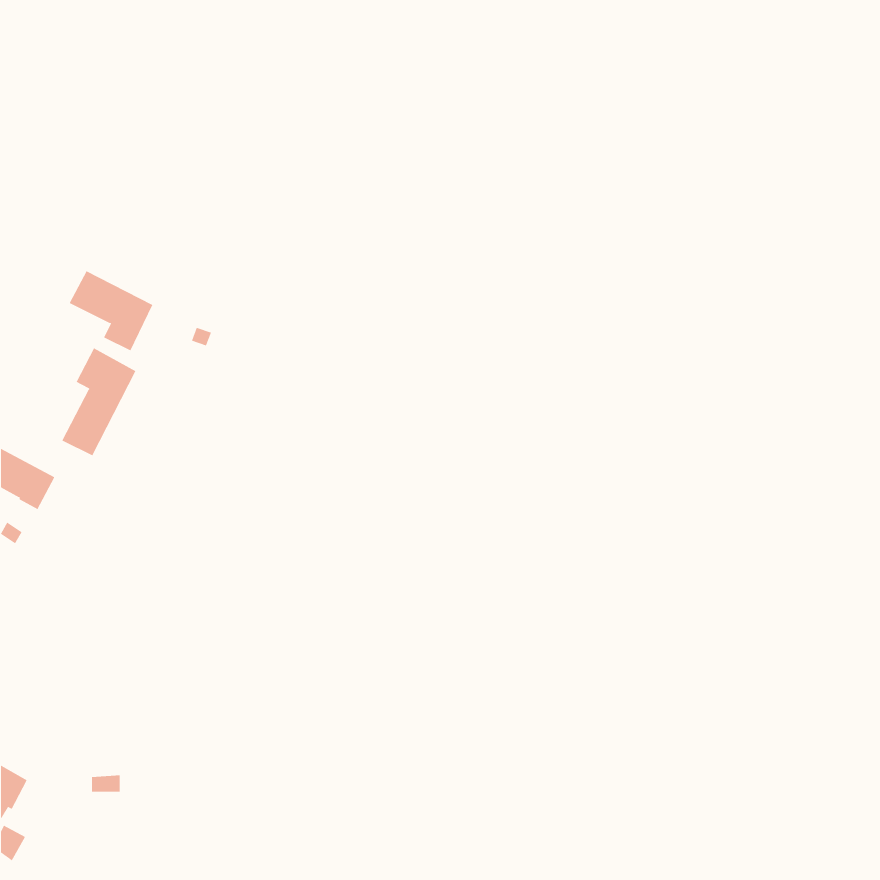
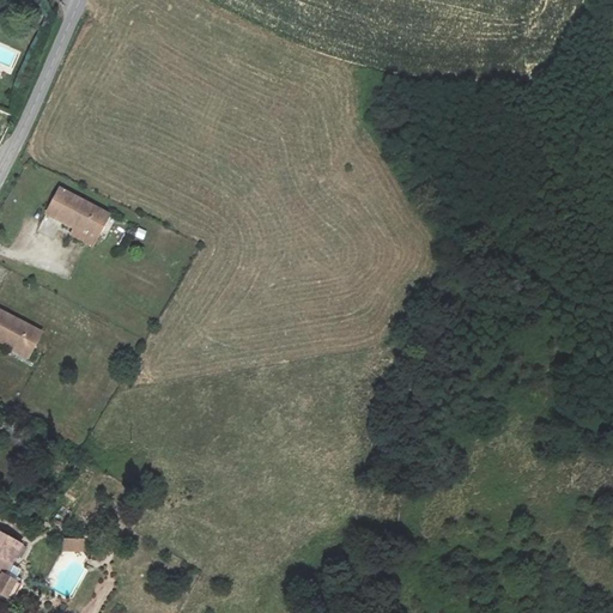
building: [61,347,136,456] -> none

